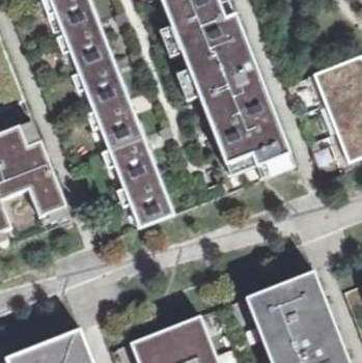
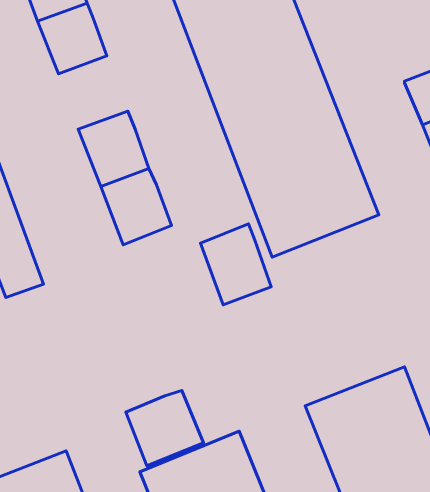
building: [76,57,123,108] -> none
building: [120,174,169,230] -> [201,224,271,305]
building: none -> [126,390,204,466]

